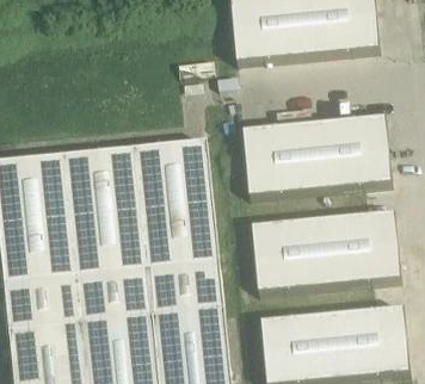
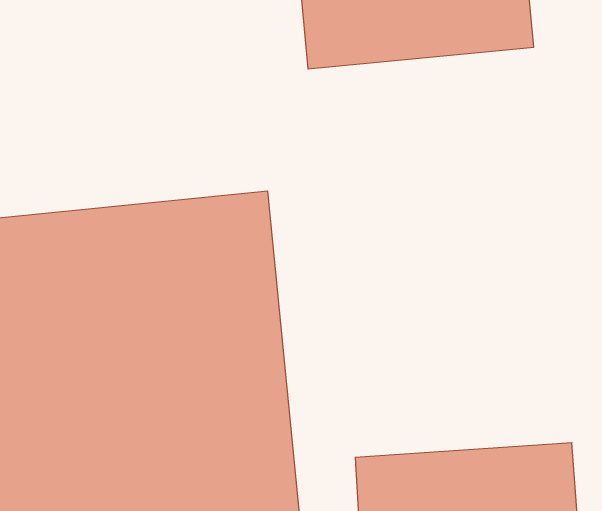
building: [241,114,389,196] -> none
building: [250,210,400,290] -> none

